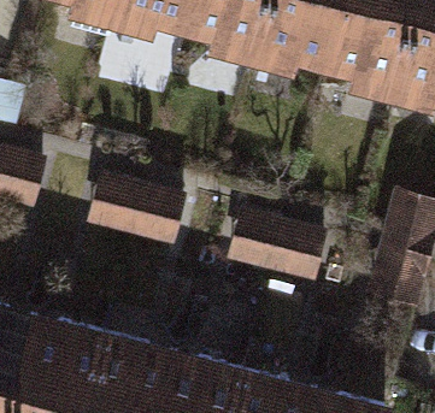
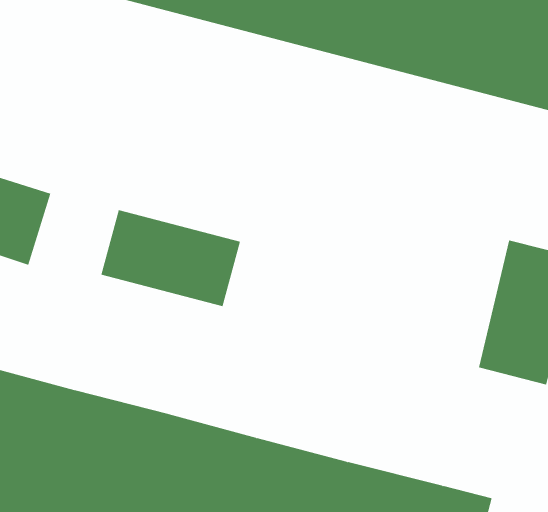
building: [231,226,329,289] -> none

